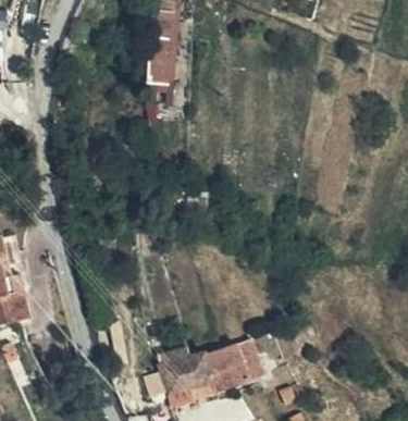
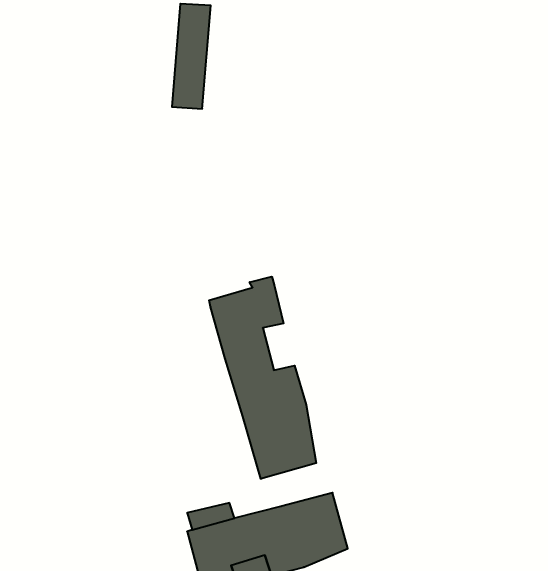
building: none -> [209,277,316,479]

